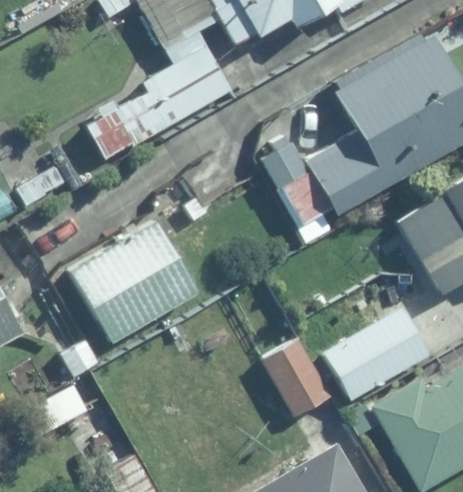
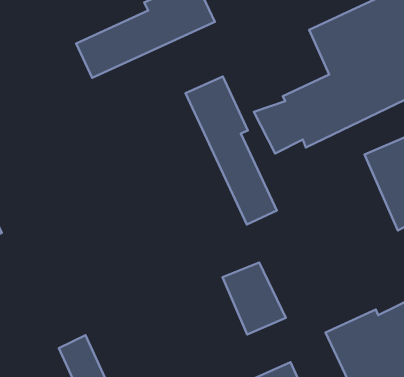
building: none -> [186,76,277,224]
building: [72,222,196,341] -> none
building: [324,309,430,400] -> none

